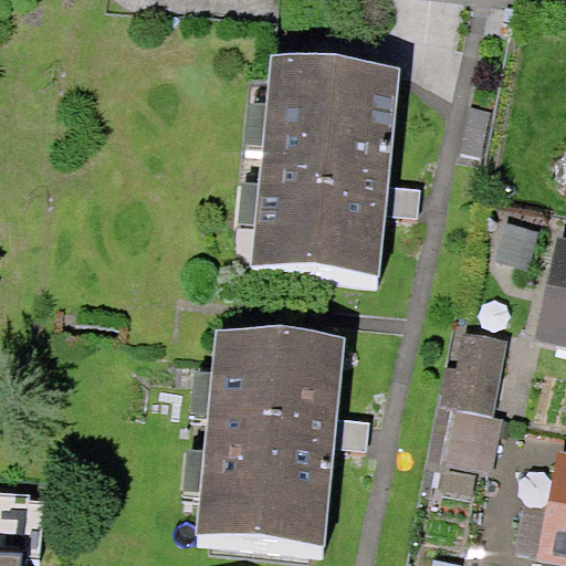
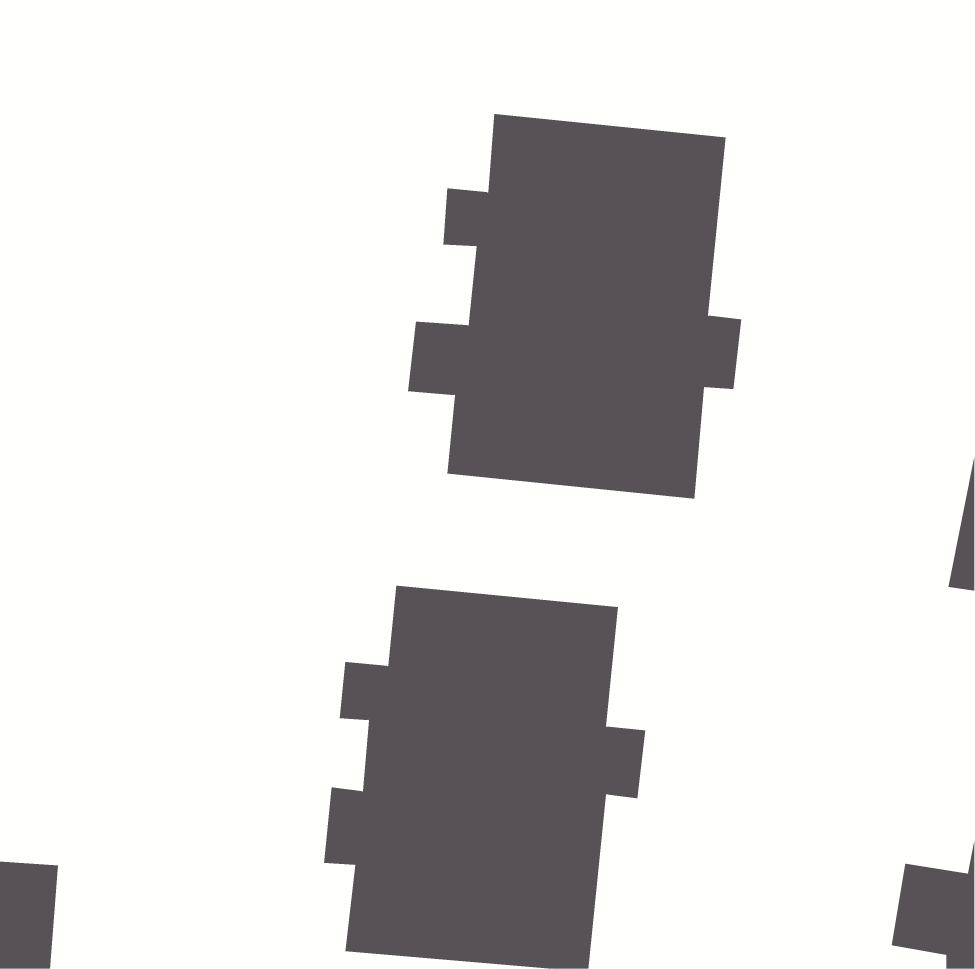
building: [416,327,497,501] -> none

